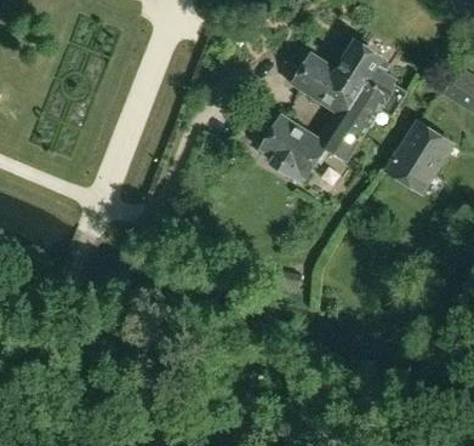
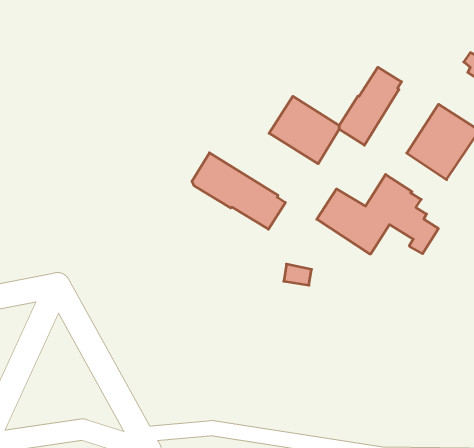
building: [291,42,402,115] -> [317,174,438,254]
building: none -> [192,153,285,229]

